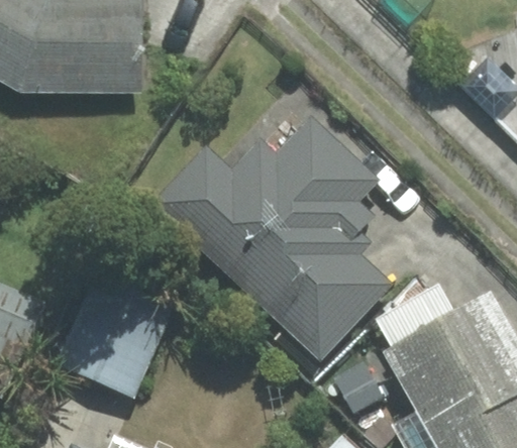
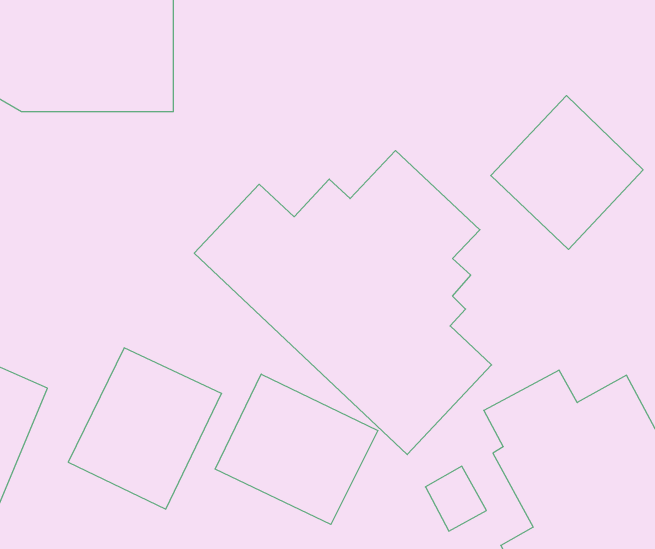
building: none -> [491,96,643,249]
building: none -> [215,374,378,524]

